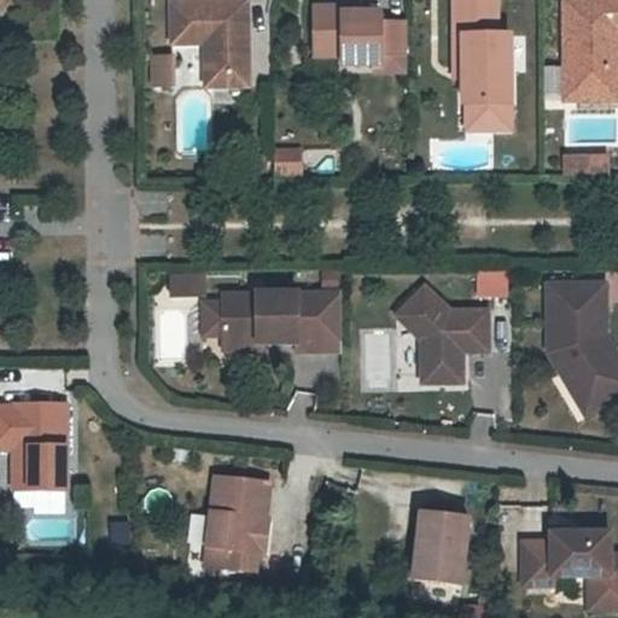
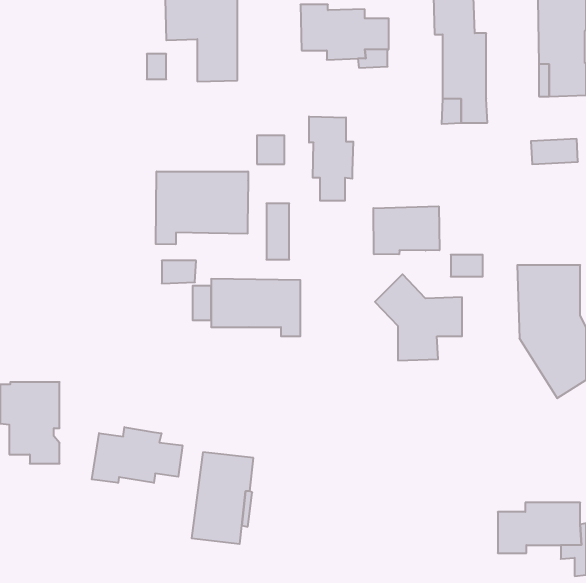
building: none -> [309,116,353,201]
building: none -> [156,171,248,244]
building: none -> [373,206,439,254]
building: [316,295,340,354] -> [266,203,289,260]
building: none -> [92,427,182,483]
building: [409,505,466,575] -> none

